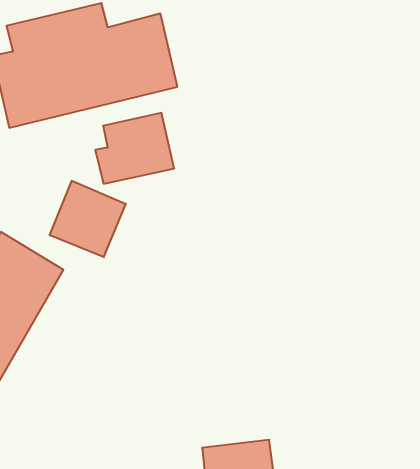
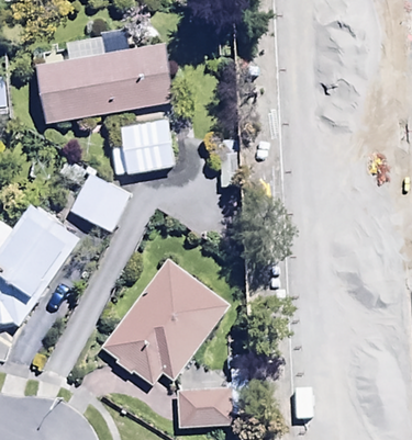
building: none -> [101,260,231,387]

